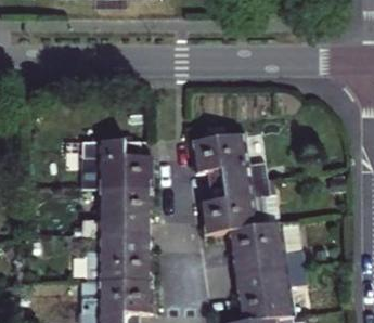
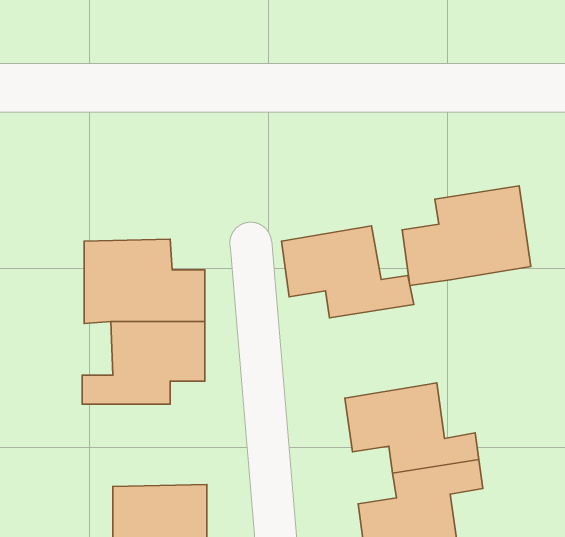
building: [205,179,278,235] -> [402,186,531,286]
building: [83,235,154,282] -> none

